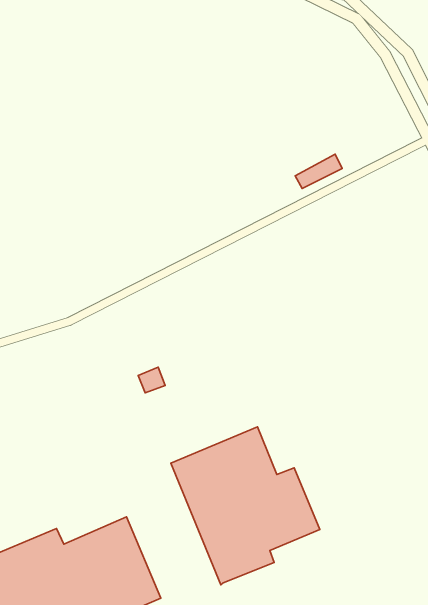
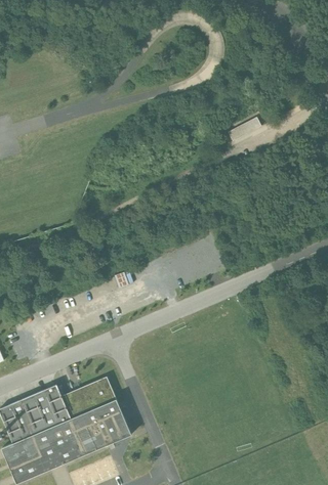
building: [171,427,320,585] -> none

